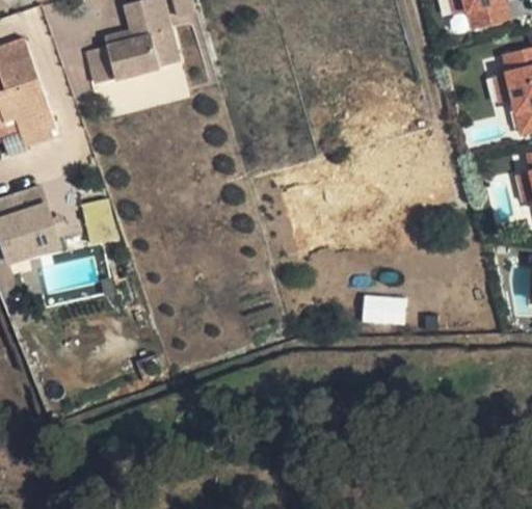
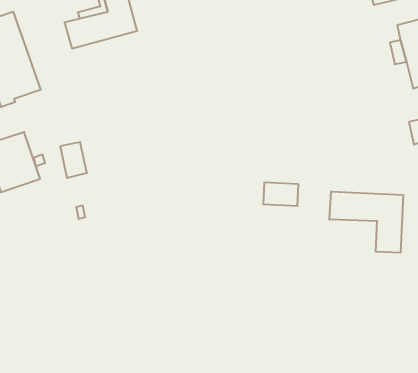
building: none -> [329,191,403,253]
building: [362,295,405,324] -> [263,183,298,206]

